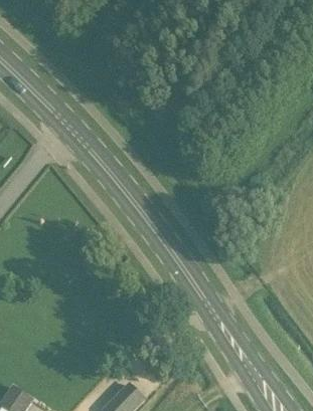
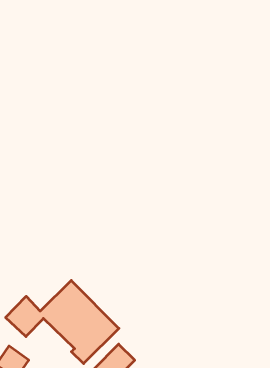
building: none -> [6,280,119,364]

